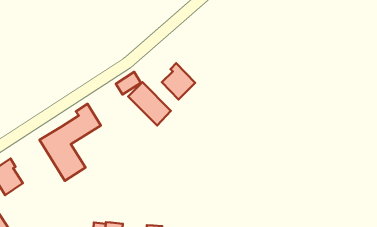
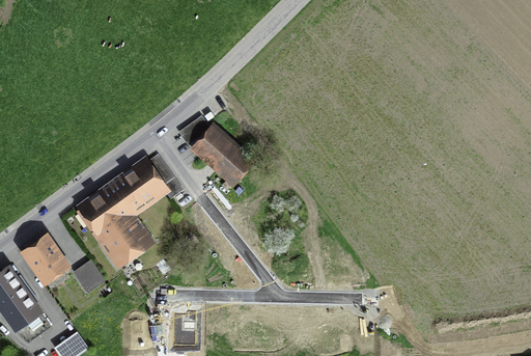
building: [162,63,195,99] -> none
building: none -> [75,261,104,291]

